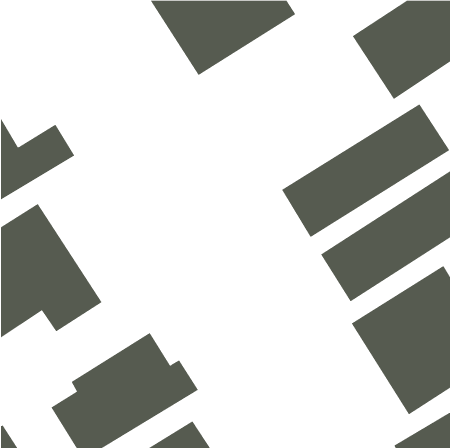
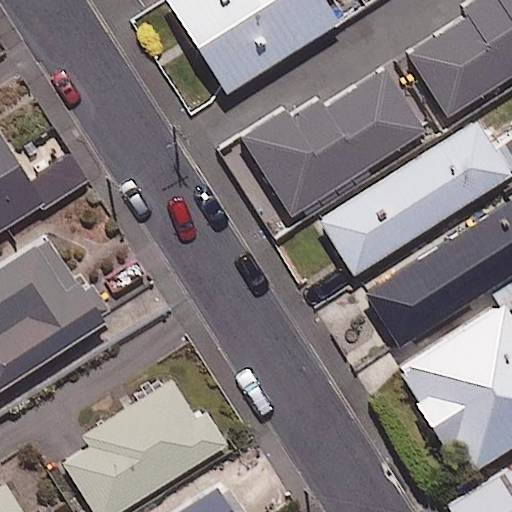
building: none -> [246,69,425,214]

